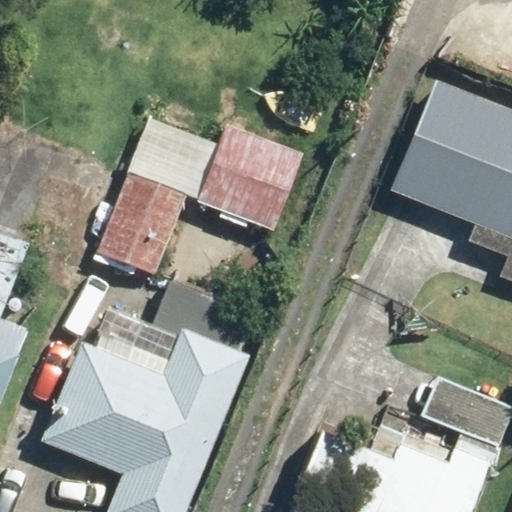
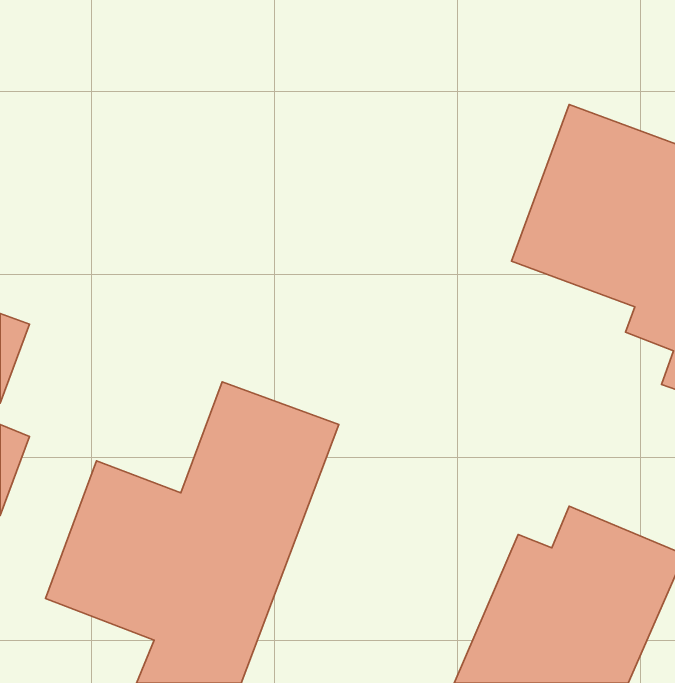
building: [92,109,313,288] -> none

